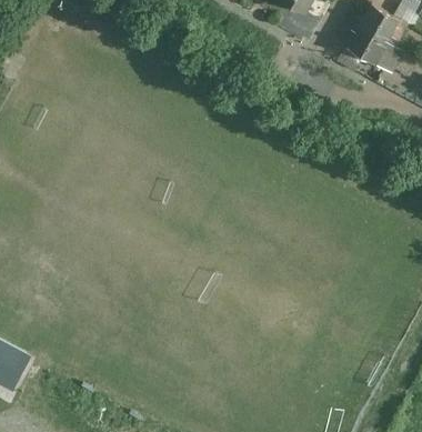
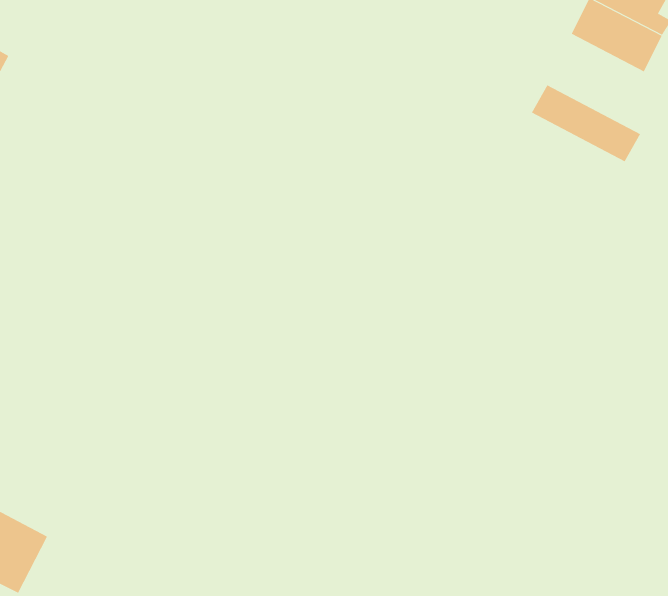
building: none -> [531,85,641,162]

